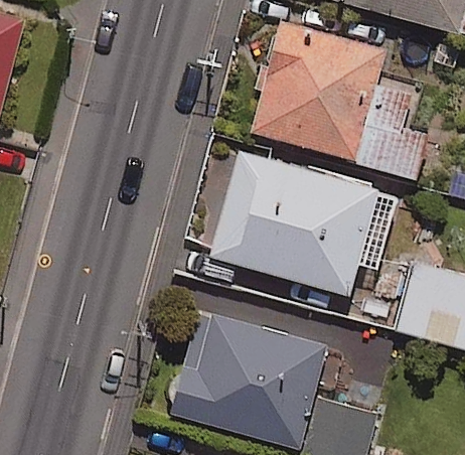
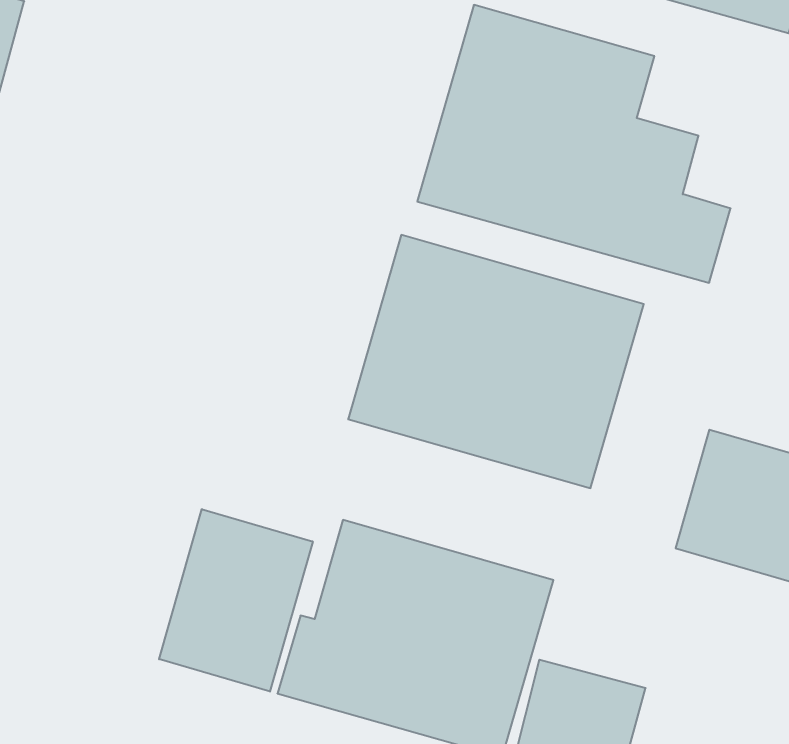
building: none -> [159,509,313,692]

